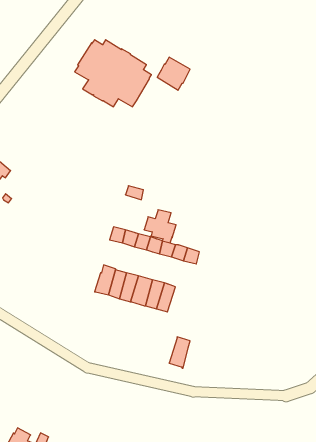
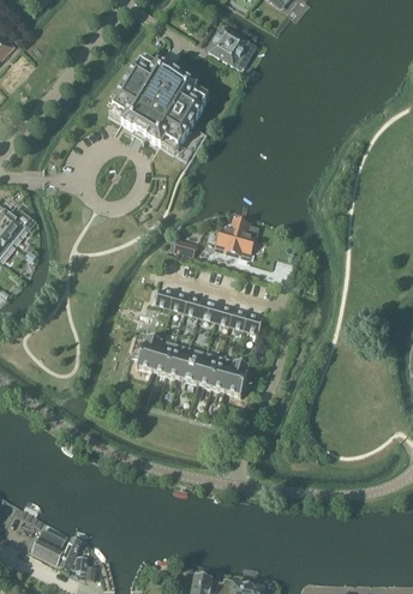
building: [157,57,190,90] -> [208,26,247,66]
building: [144,210,176,243] -> [216,220,255,259]
building: [169,337,190,368] -> [223,360,249,397]

